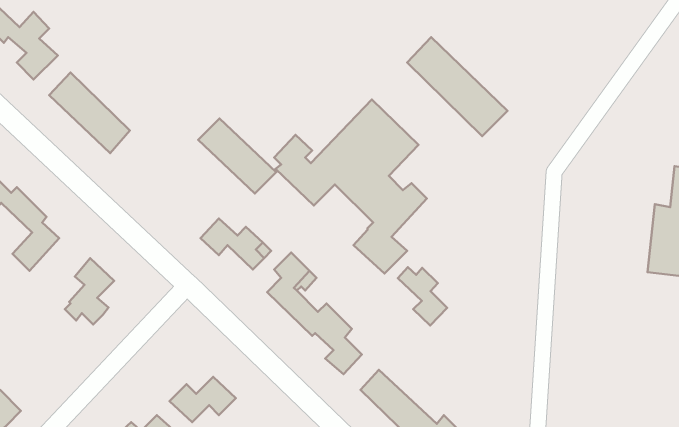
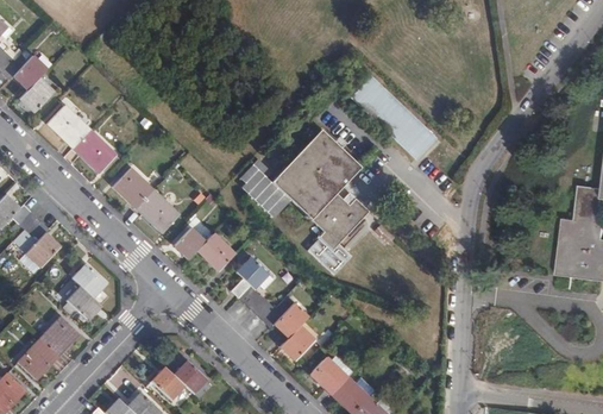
building: [198,118,276,193] -> [115,168,181,231]
building: [398,267,447,326] -> none
building: none -> [18,314,80,377]

